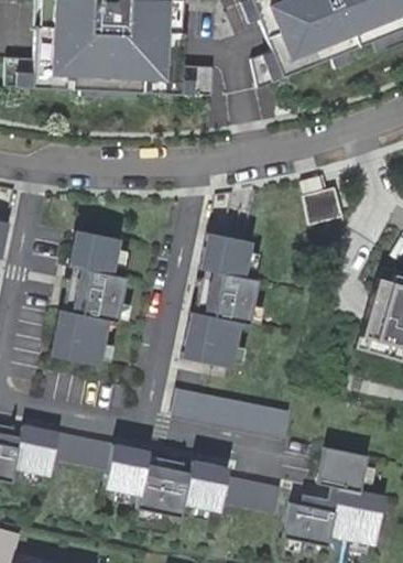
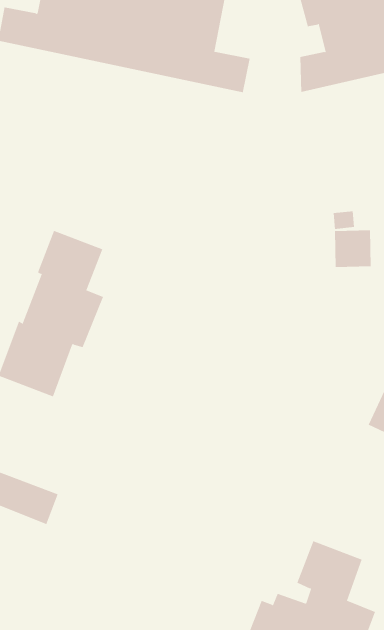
building: [183,232,259,368] -> none
building: [177,381,296,434] -> none
building: [105,444,282,523] -> none

